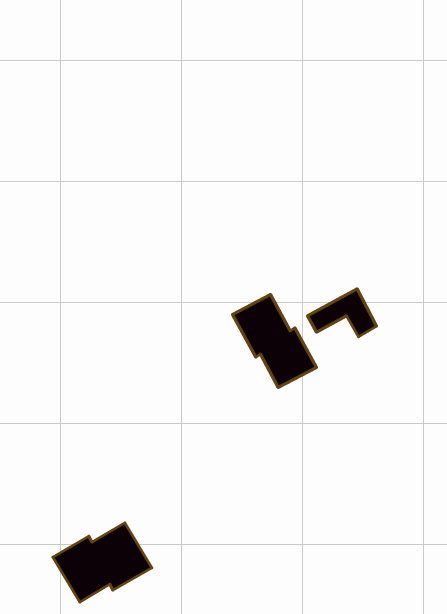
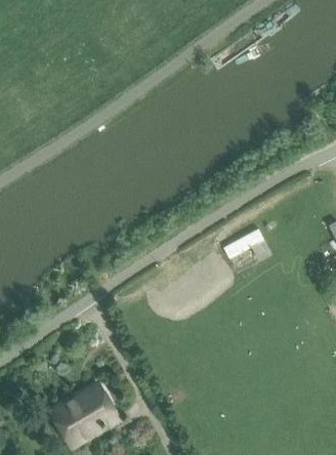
building: [232,294,317,388] -> none

